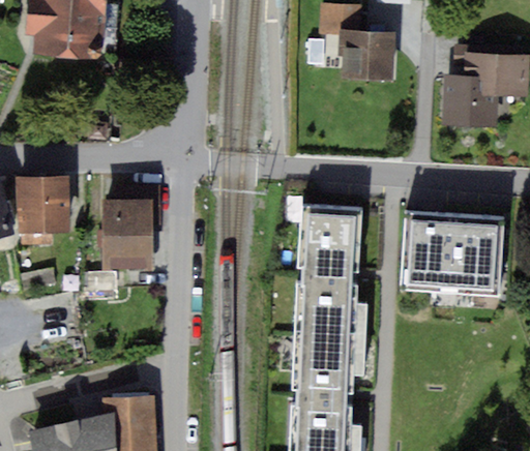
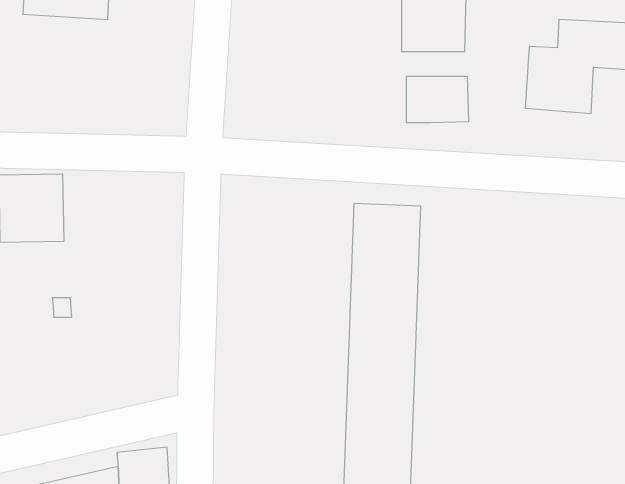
building: none -> [406,76,468,123]
building: [101,200,152,270] -> none
building: [404,214,495,289] -> none

